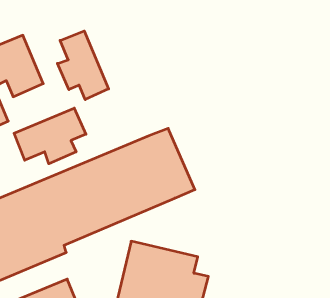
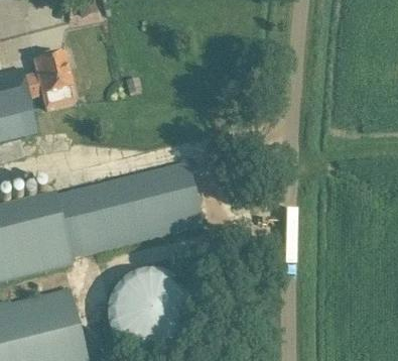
building: [57,31,109,100] -> none
building: [14,108,86,164] -> none

